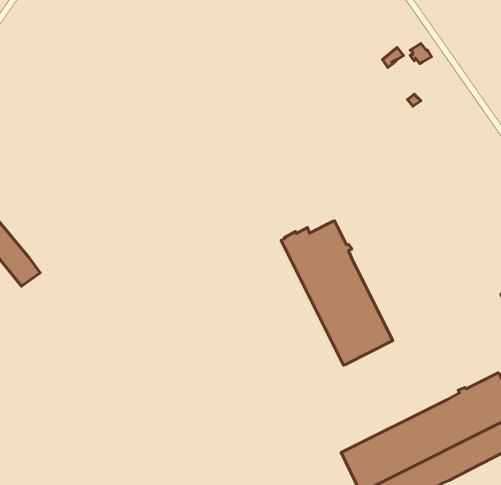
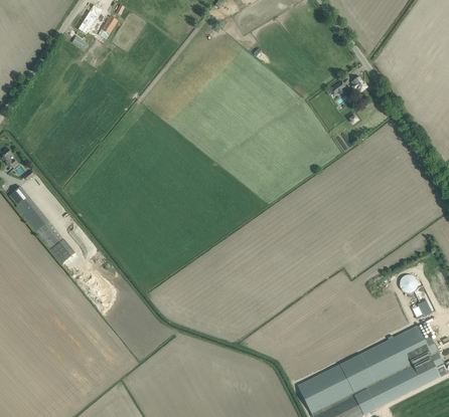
building: [281,221,393,365] -> none

